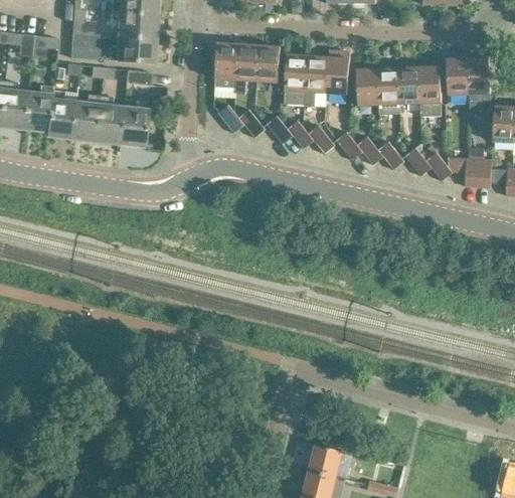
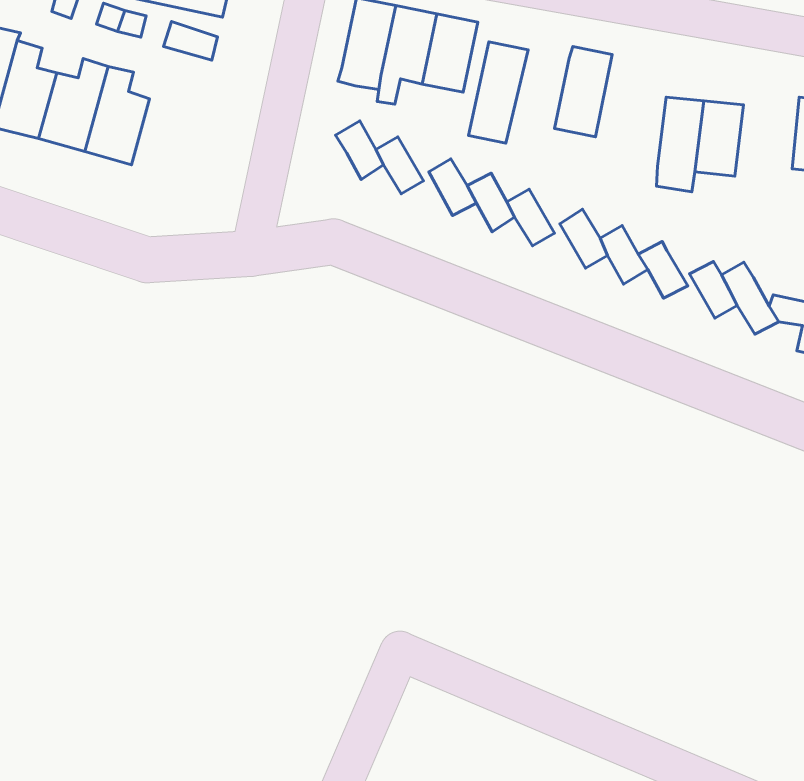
building: [303,55,328,105] -> none
building: [418,65,441,116] -> none
building: [356,68,380,105] -> none
building: [118,100,148,146] -> none

